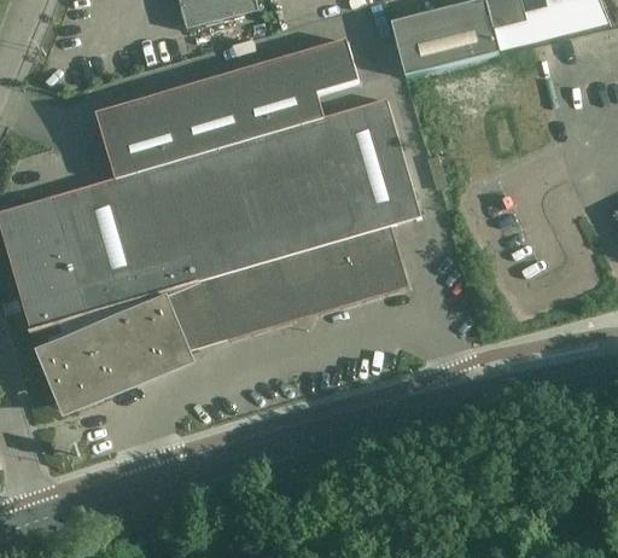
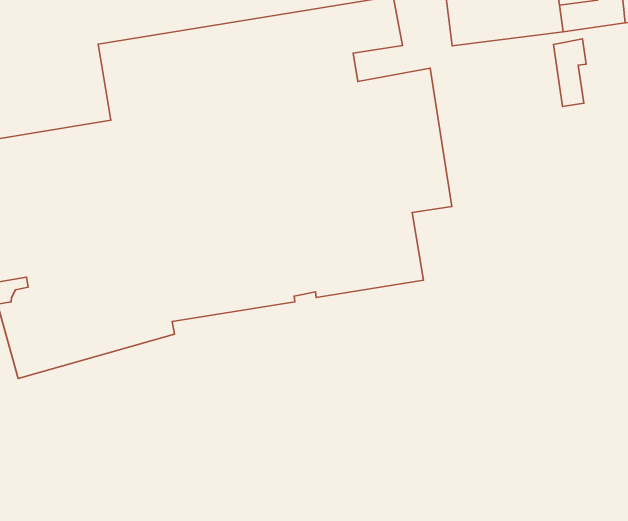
building: none -> [553,39,586,106]

